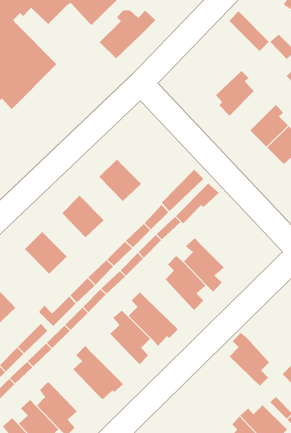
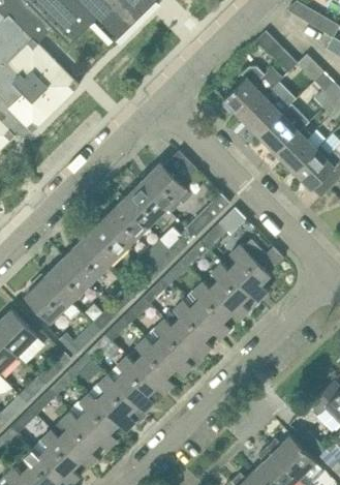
building: [99,10,156,59] -> [224,66,283,117]
building: none -> [256,113,304,153]
building: none -> [141,150,197,212]
building: none -> [102,201,147,245]
building: none -> [64,238,109,282]
building: none -> [227,239,284,301]
building: none -> [26,275,80,321]
building: none -> [115,355,156,412]
building: [229,332,270,387] -> [171,300,213,356]
building: none -> [76,392,119,449]

